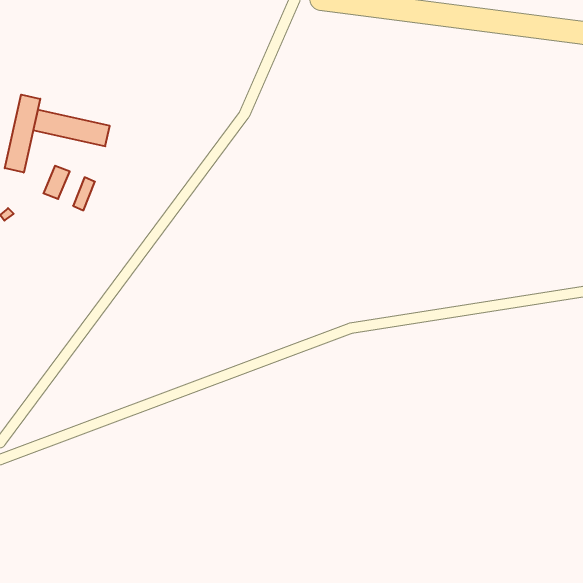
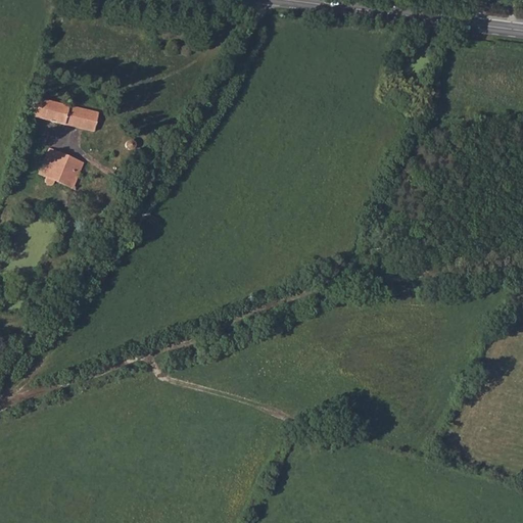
building: [5,95,40,173] -> none
building: none -> [53,153,77,184]

